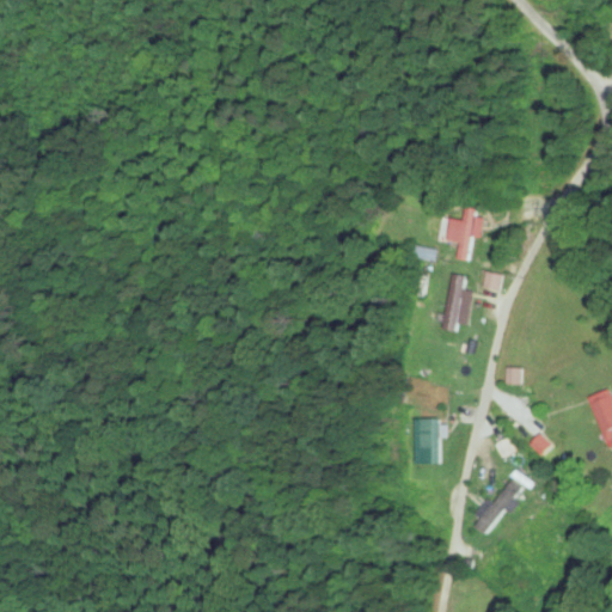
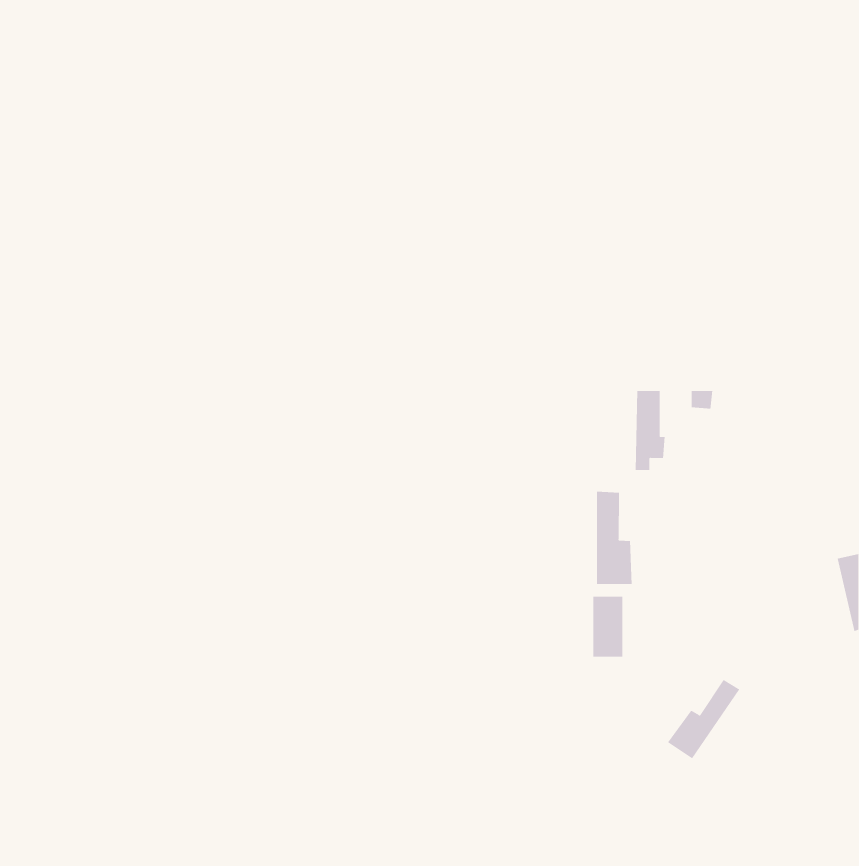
building: [443,210,486,262] -> none
building: none -> [596,491,632,585]

